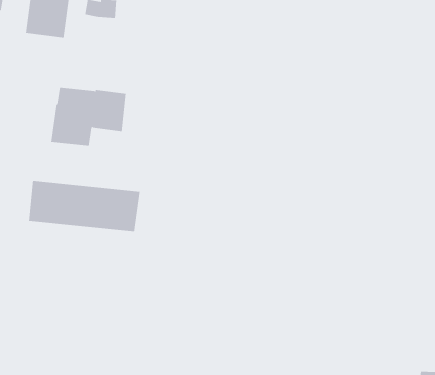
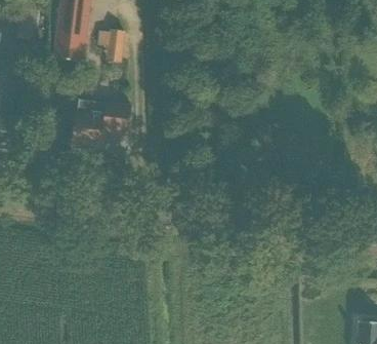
building: [28,180,140,232] -> none

